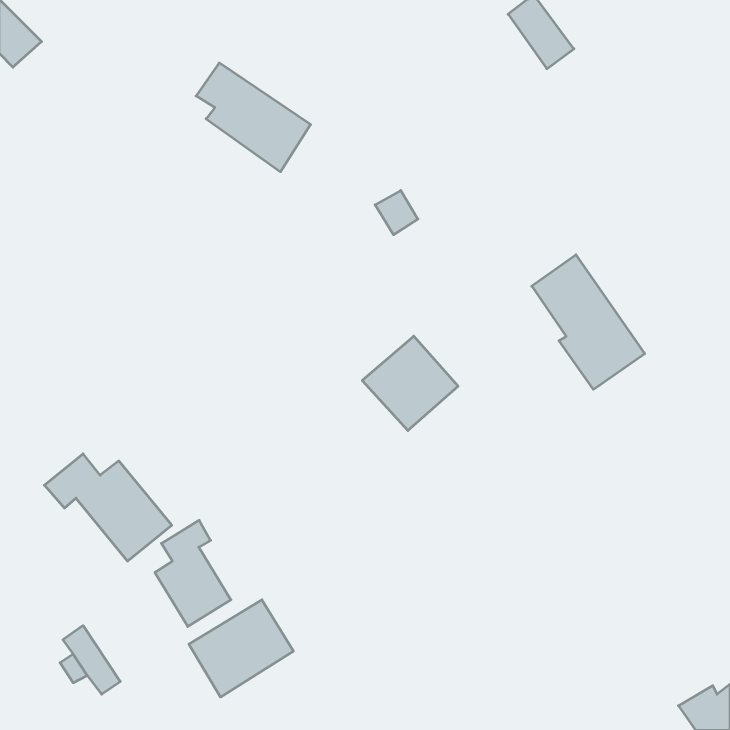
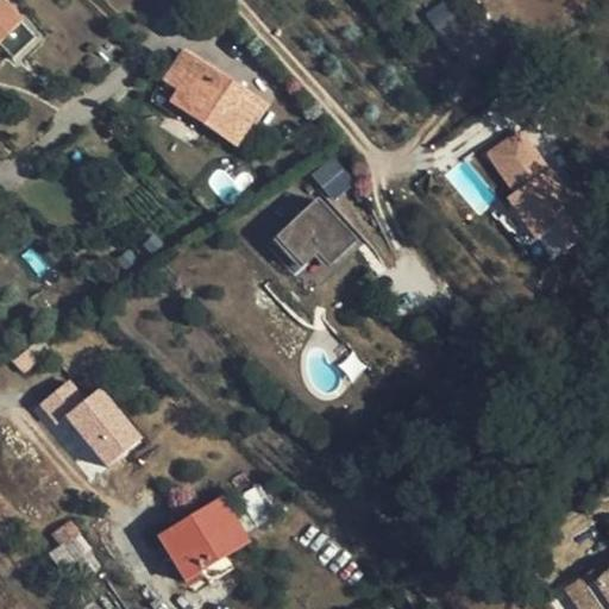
building: [532,255,645,389] -> [490,128,584,240]
building: [362,336,458,431] -> [277,202,357,281]
building: [155,520,231,627] -> none

